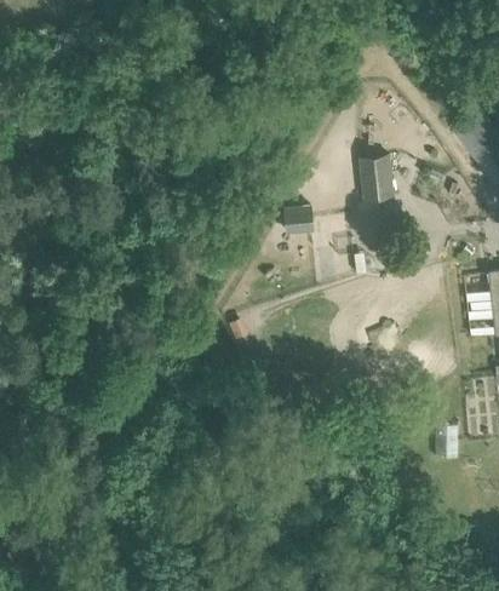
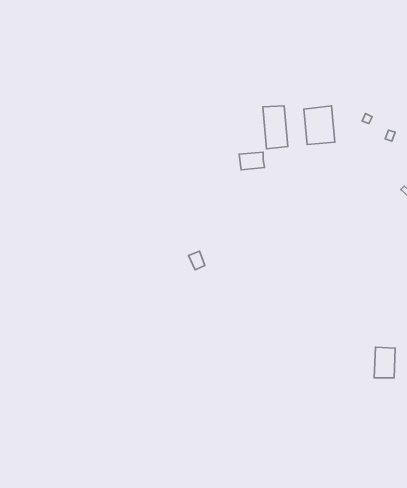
building: none -> [263,106,288,149]

